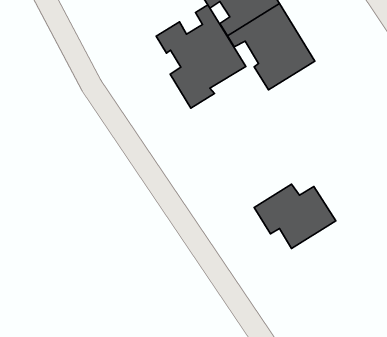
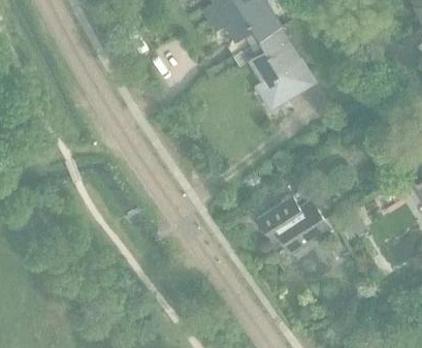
building: [156,5,246,108] -> none

